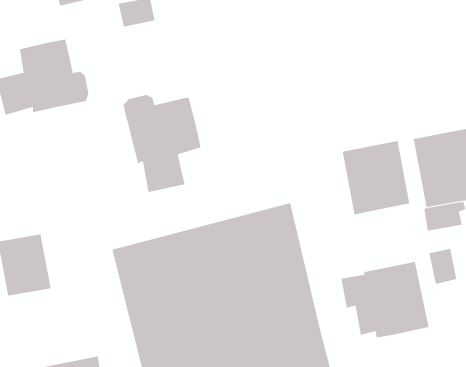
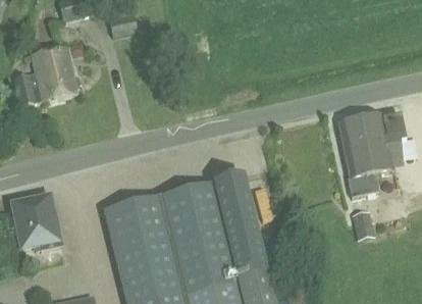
building: [123,94,201,193] -> none
building: [342,140,410,215] -> none
building: [341,261,429,338] -> none

